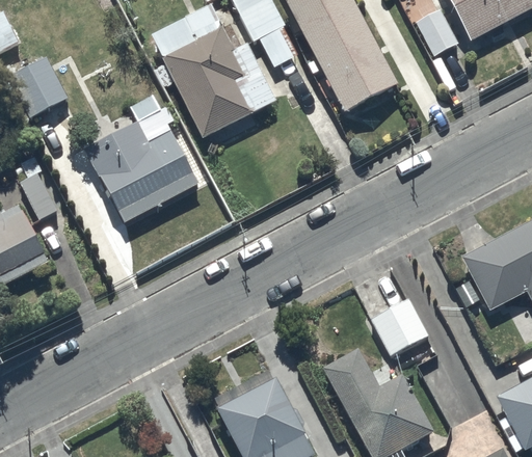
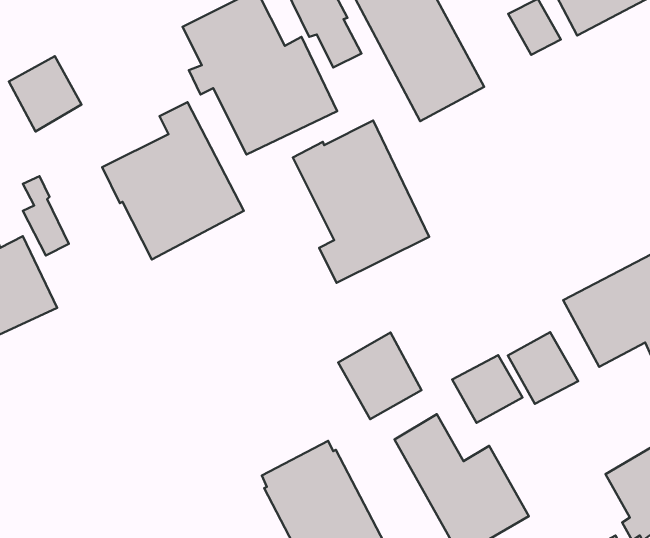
building: none -> [293,120,429,283]
building: none -> [508,332,578,404]
building: none -> [338,332,421,419]

